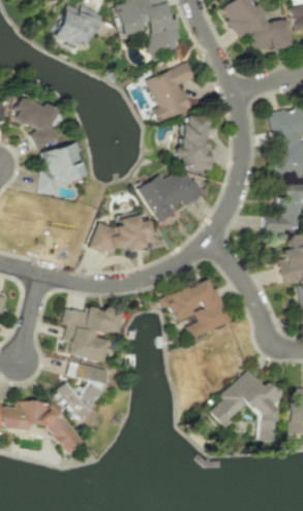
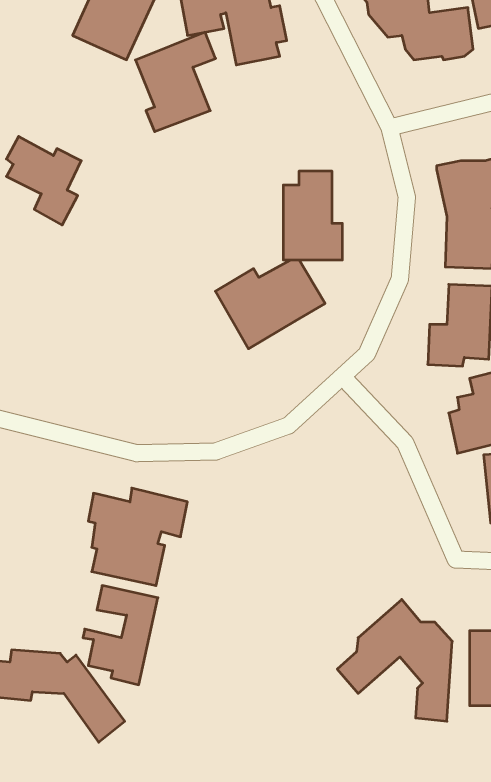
building: [147,62,194,121] -> [135,32,216,132]
building: [40,142,86,194] -> none
building: [90,214,155,253] -> none
building: [160,278,230,338] -> none

